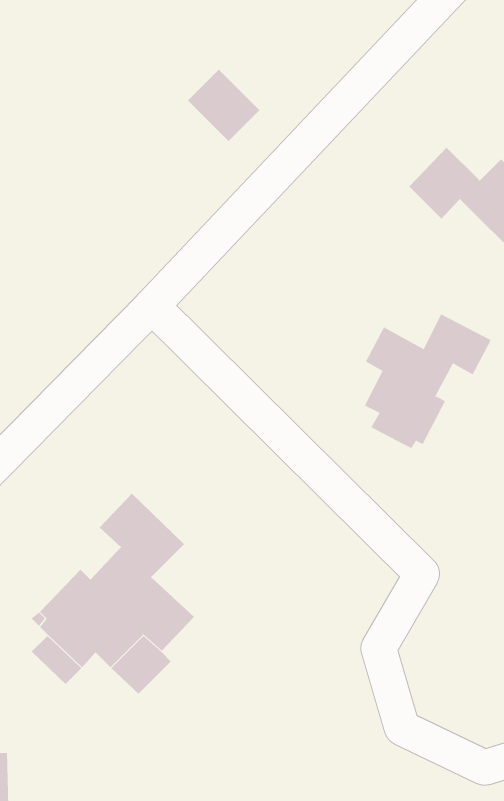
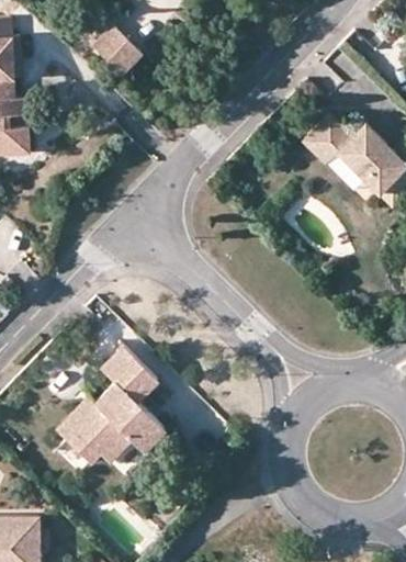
building: [187,69,260,142] -> [92,24,140,72]
building: [364,314,492,449] -> none

